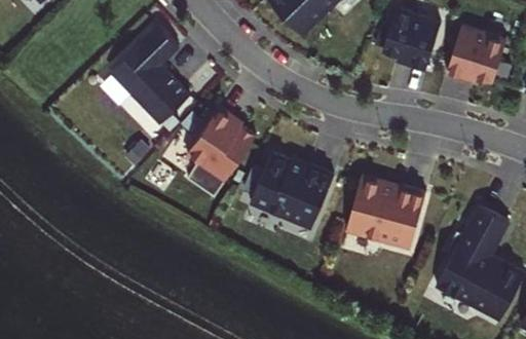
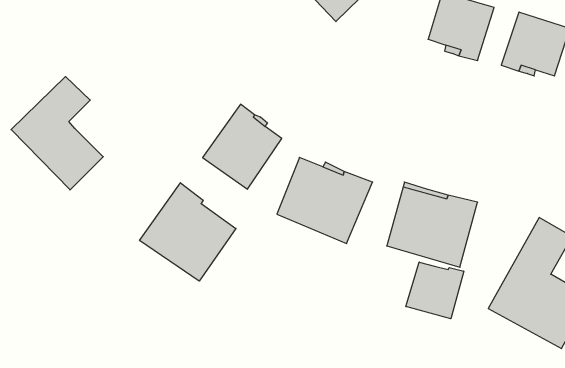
building: [109,26,189,124] -> [11,77,103,190]
building: none -> [140,183,236,281]
building: none -> [406,262,464,319]

